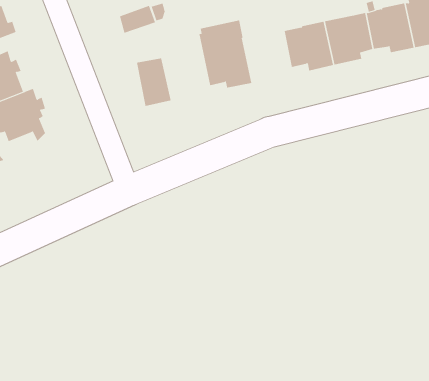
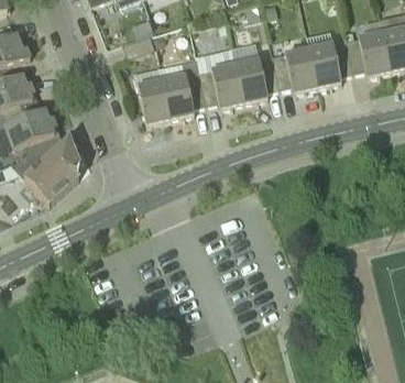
building: none -> [233,56,277,103]
building: none -> [160,58,204,119]
building: none -> [22,138,80,206]

